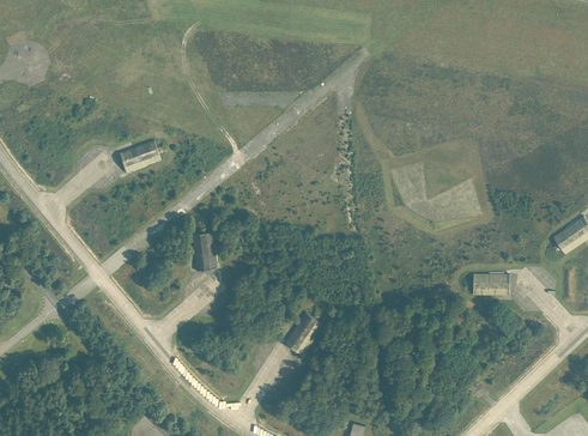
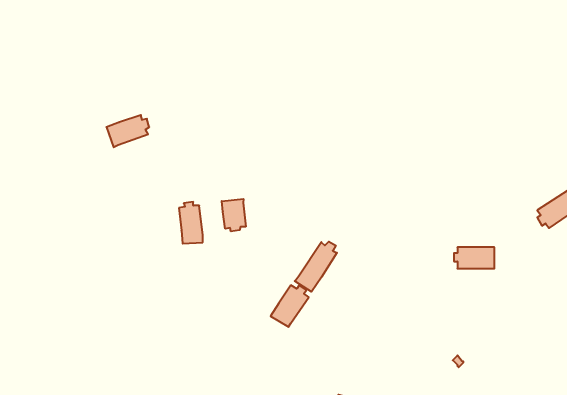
building: none -> [222,199,246,231]
building: none -> [295,242,337,292]

